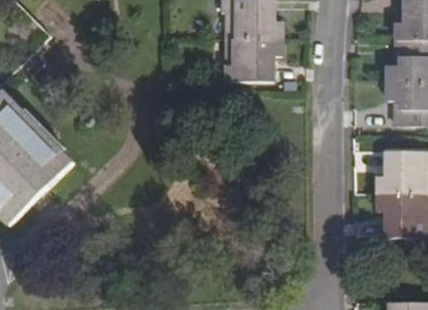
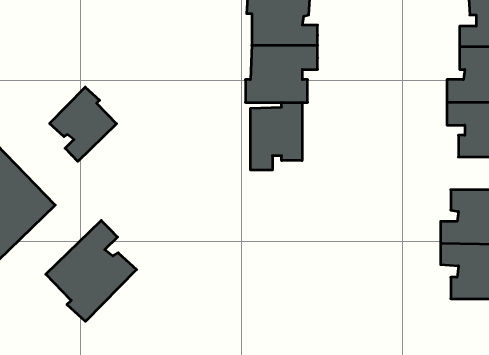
building: none -> [50,87,117,161]
building: none -> [251,102,302,170]
building: none -> [46,220,137,321]

